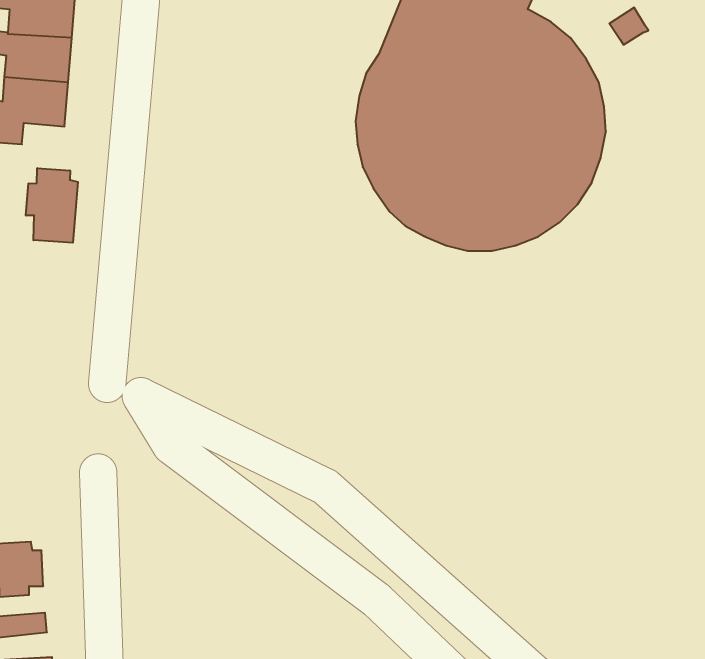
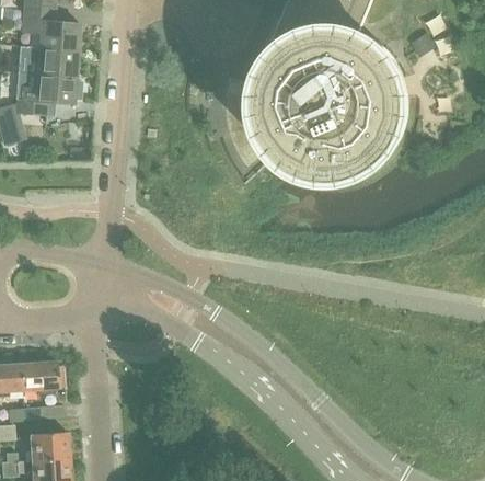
building: [26,168,78,243] -> none

